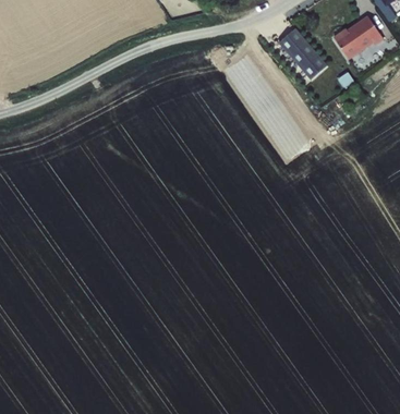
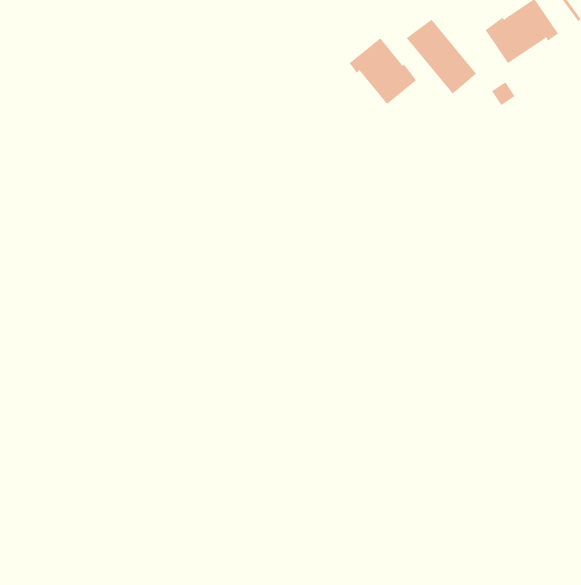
building: none -> [349,37,417,105]

